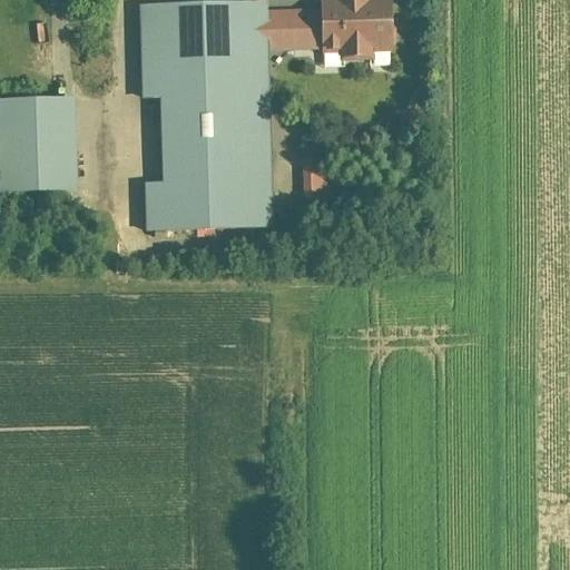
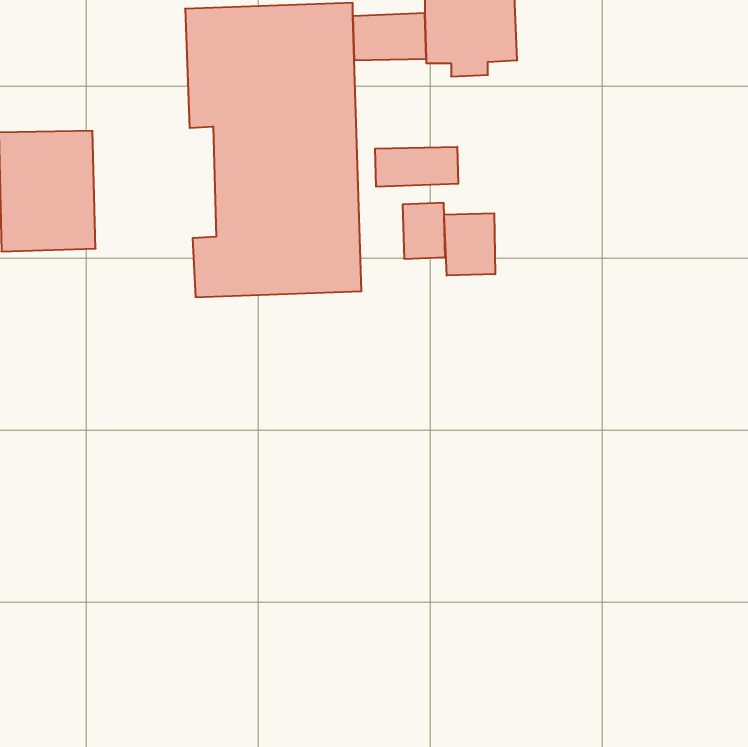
building: none -> [375,147,458,187]
building: none -> [444,213,495,276]

